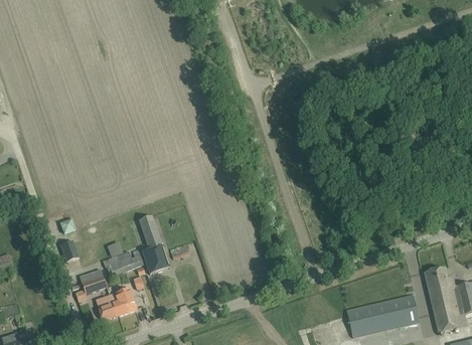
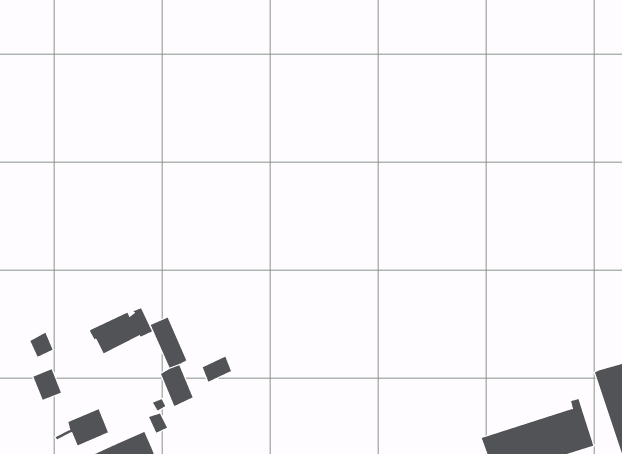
building: [104,248,145,277] -> [89,307,153,354]

